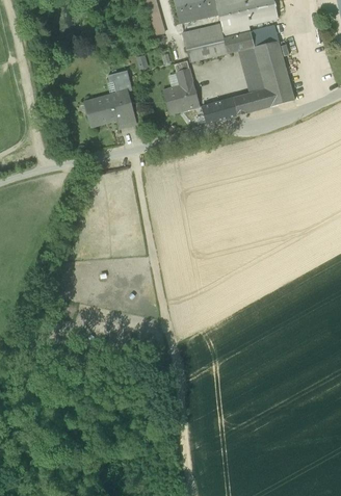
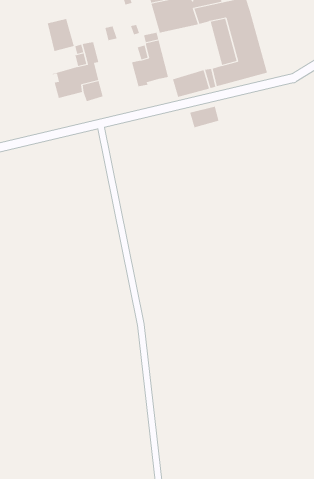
building: none -> [47,18,75,52]
building: none -> [190,106,219,128]

